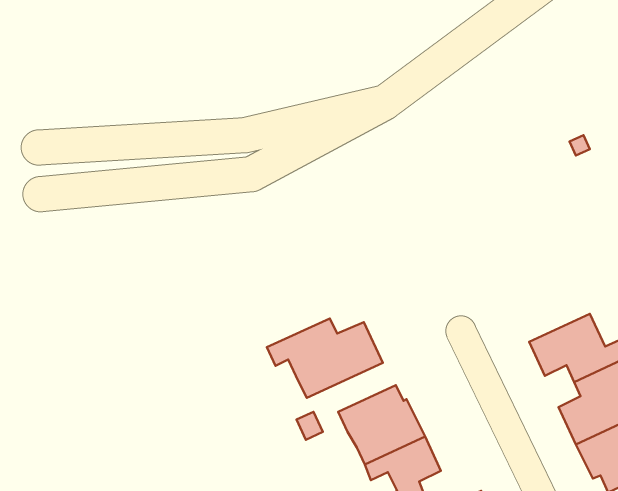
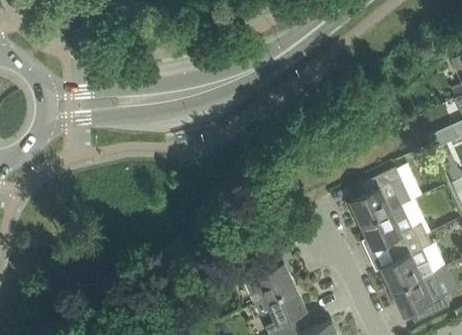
building: none -> [350,165,415,223]
building: [267,318,383,398] -> none

